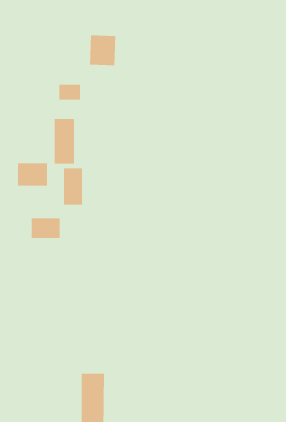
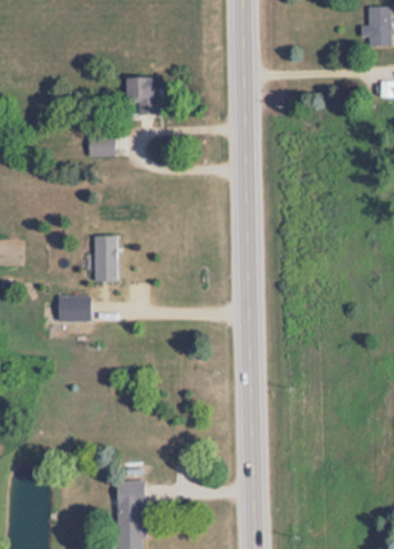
building: [54,118,75,165] -> none
building: [17,162,48,186] -> none

